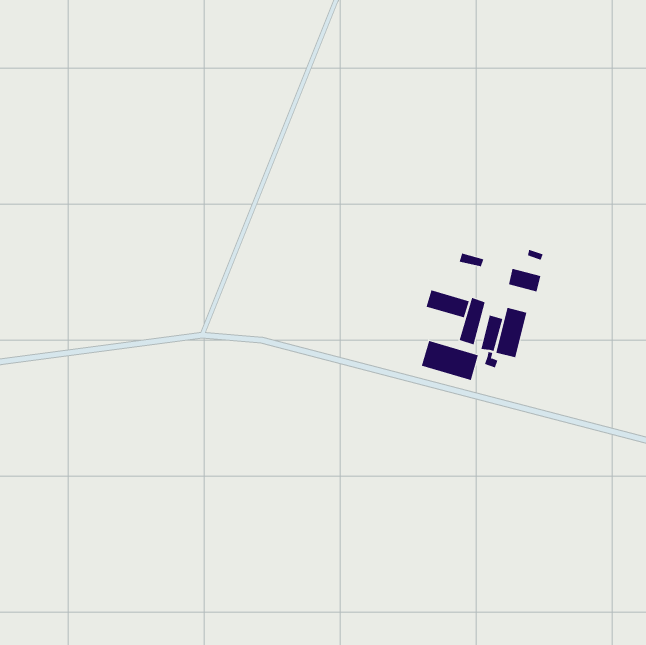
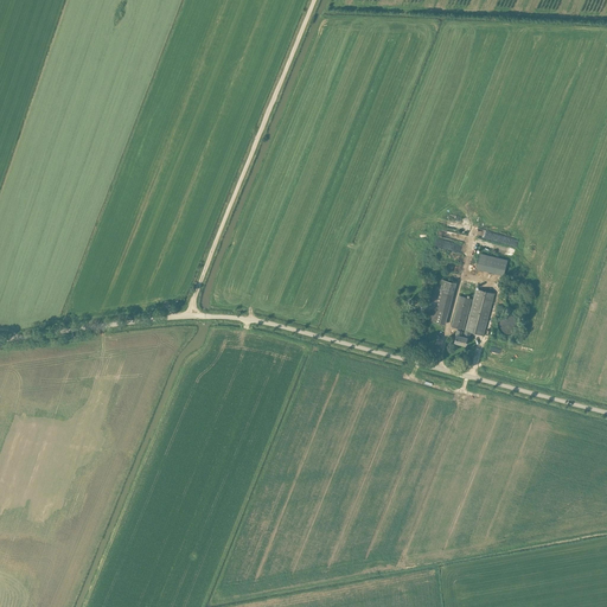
building: [426,290,469,318] -> none
building: [421,340,479,381] -> none

